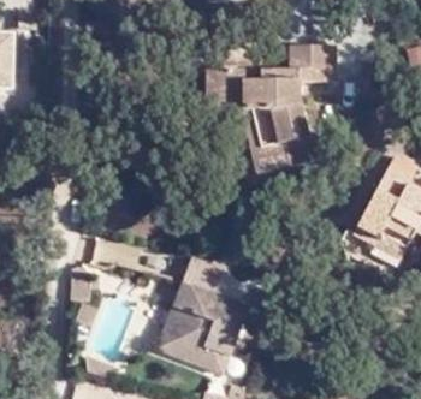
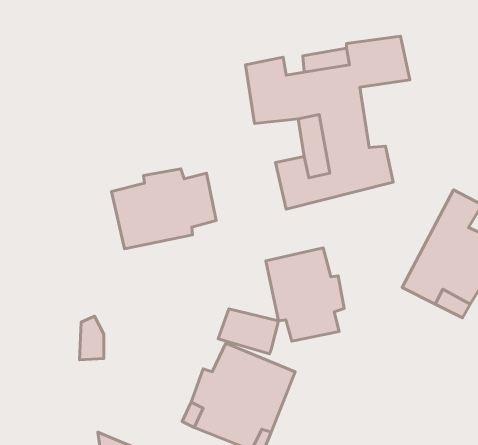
building: none -> [111,169,216,249]
building: none -> [266,248,344,341]

